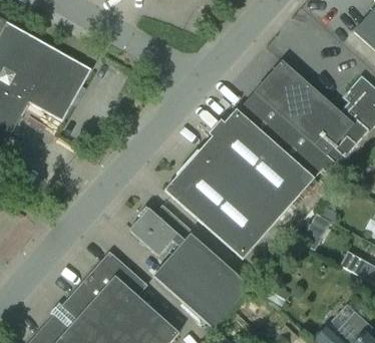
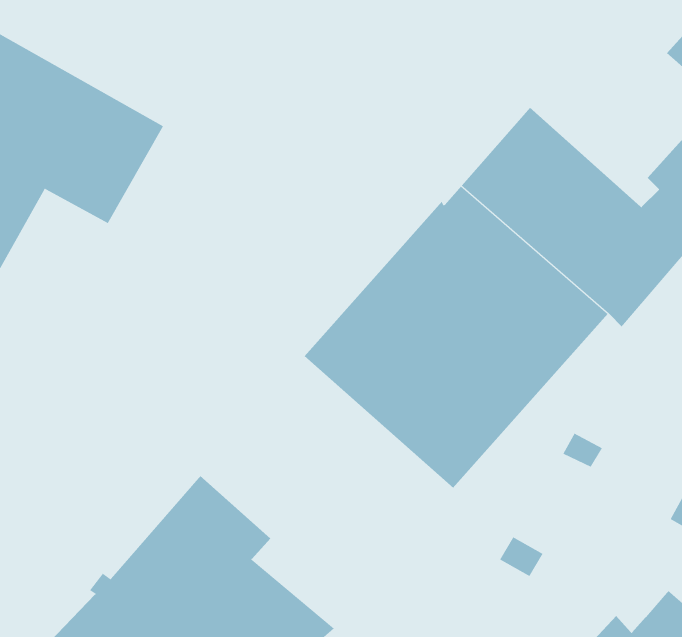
building: [128,205,251,328] -> none

